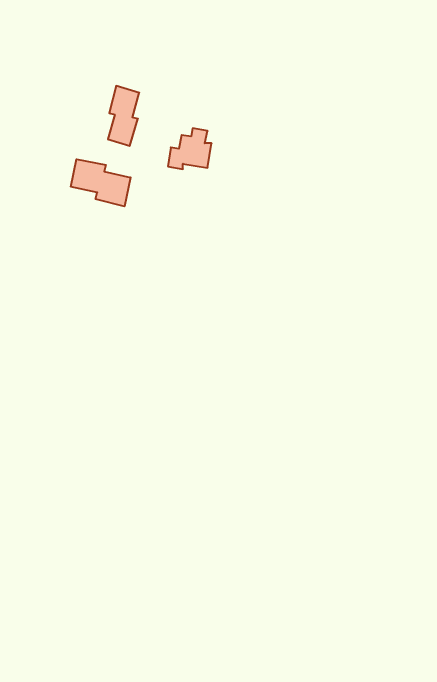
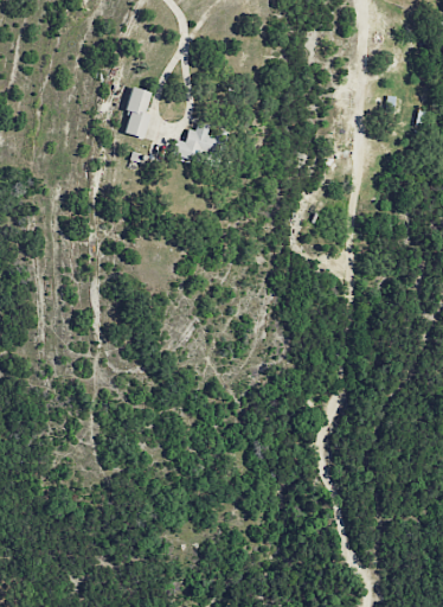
building: [71,159,131,206] -> none

